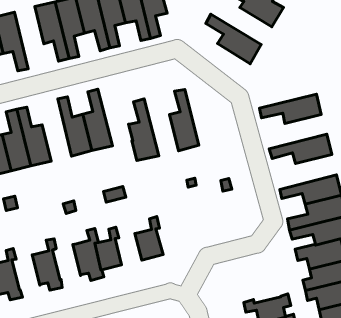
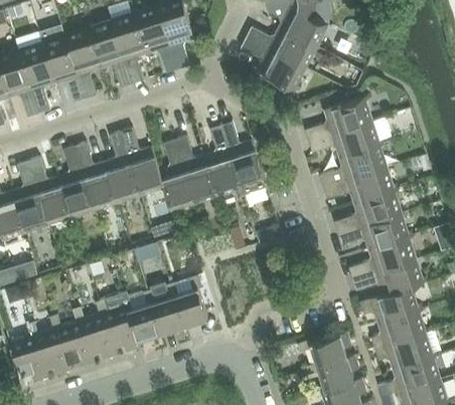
building: none -> [245,26,316,68]
building: none -> [18,41,54,114]
building: none -> [304,96,372,142]
building: none -> [120,128,164,196]
building: none -> [220,122,265,189]
building: none -> [174,136,217,204]
building: none -> [58,146,95,218]
building: none -> [319,145,388,188]
building: none -> [333,190,402,234]
building: none -> [151,282,183,333]
building: none -> [80,299,117,360]
building: none -> [33,315,71,374]
building: none -> [297,331,351,367]

